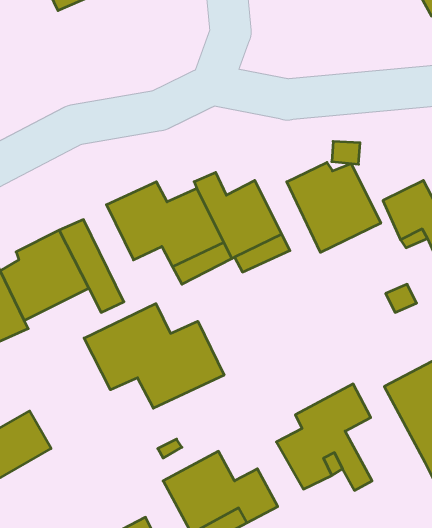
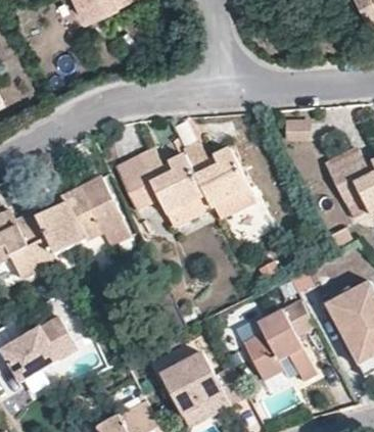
building: [287,162,381,252] -> none
building: [84,304,224,408] -> none

